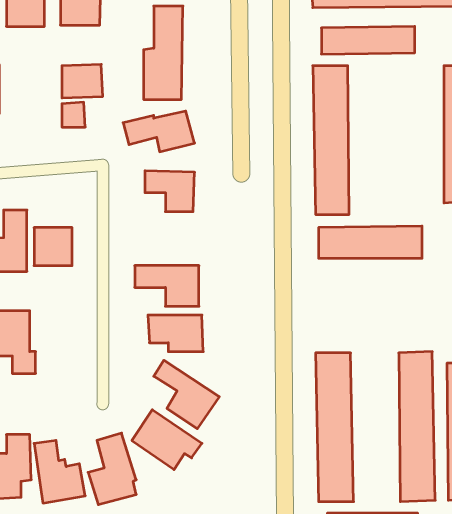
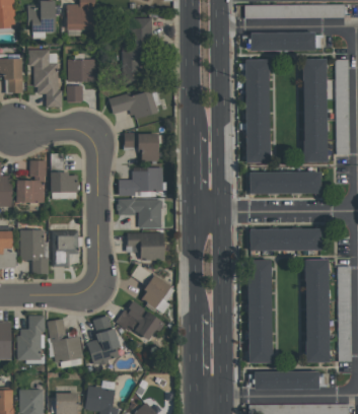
building: none -> [31,50,63,107]
building: none -> [302,58,327,161]
building: none -> [122,166,165,195]
building: none -> [249,227,320,251]
building: none -> [55,229,81,266]

